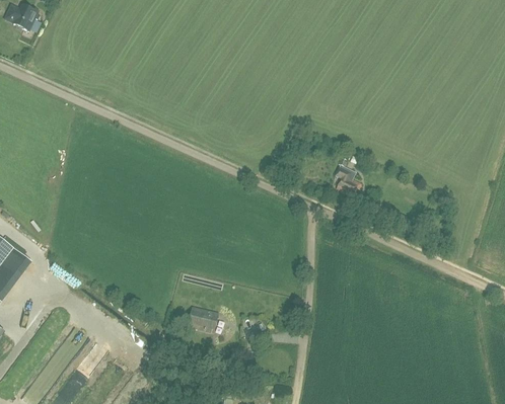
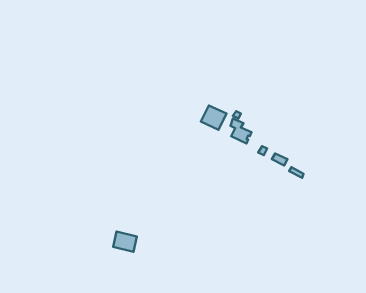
building: none -> [201,105,227,130]

